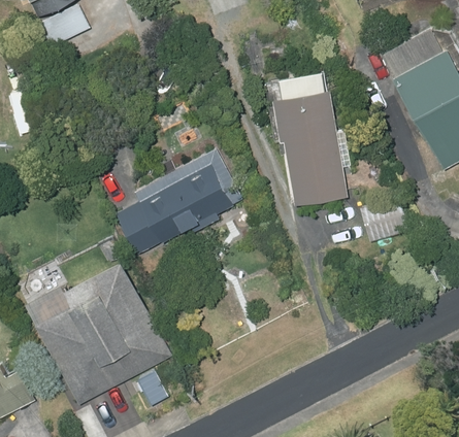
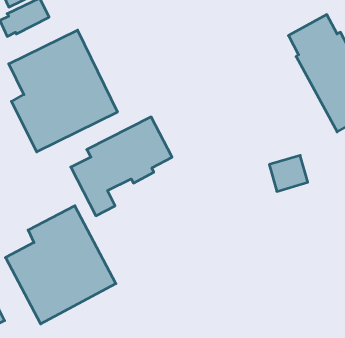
building: none -> [9,30,117,152]
building: [272,89,348,205] -> none

